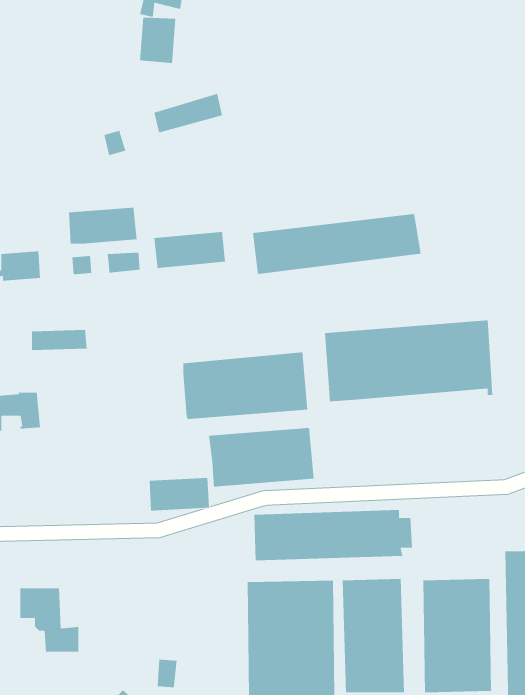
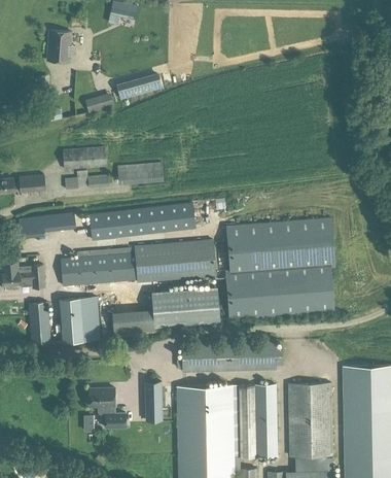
building: [139,17,176,64] -> [47,31,71,61]
building: [252,214,421,275] -> [88,201,197,240]
building: none -> [61,251,138,285]
building: none -> [225,262,333,319]
building: none -> [59,296,101,342]
building: none -> [28,301,51,344]
building: none -> [145,380,162,419]
building: [20,588,79,652] -> [88,386,127,428]

